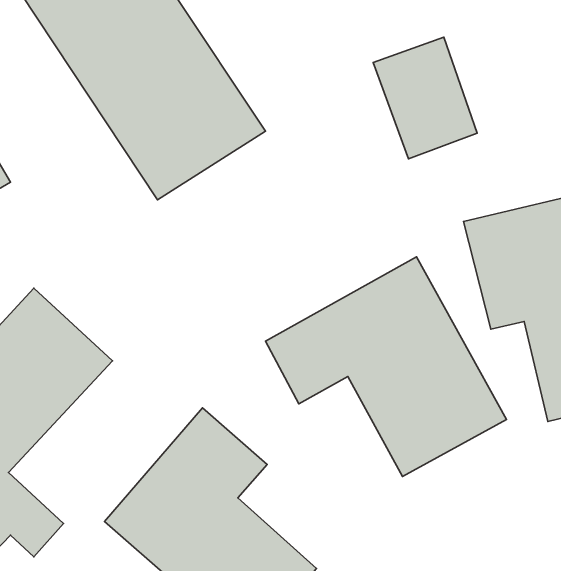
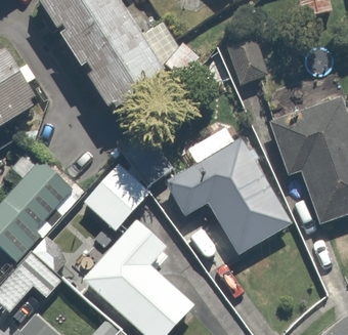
building: none -> [85,160,149,226]

